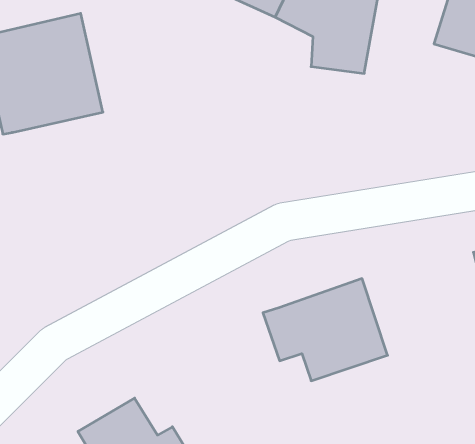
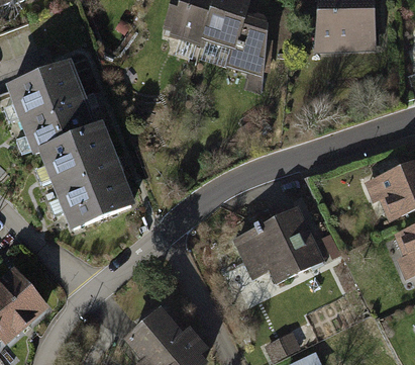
building: none -> [39,123,136,229]

